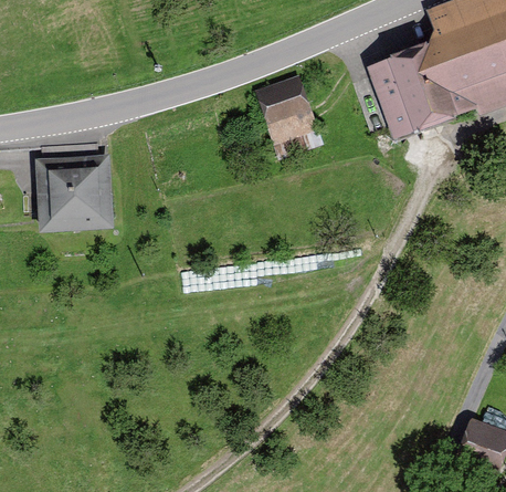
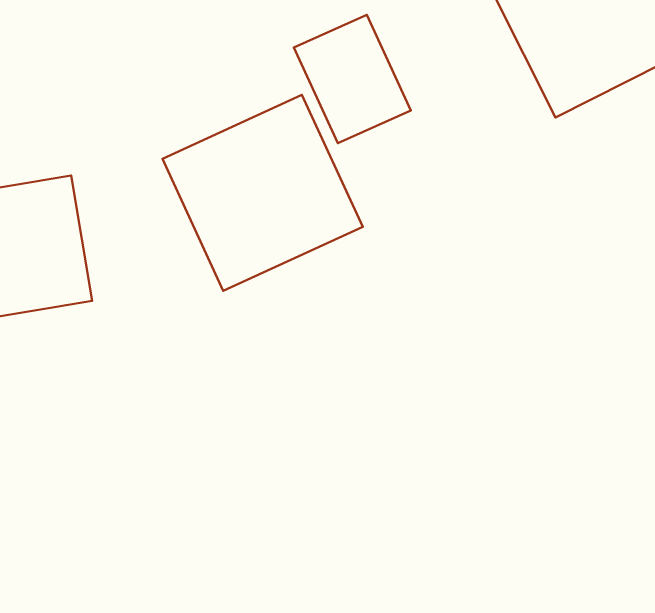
building: none -> [163,95,363,291]

